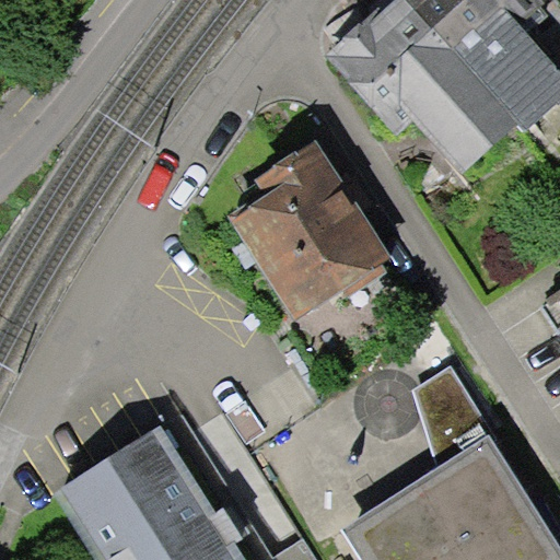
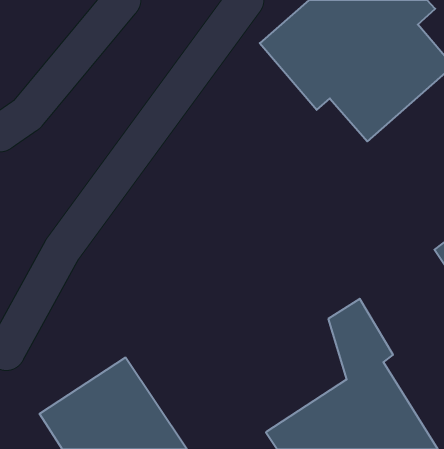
building: [237,147,392,315] -> none

